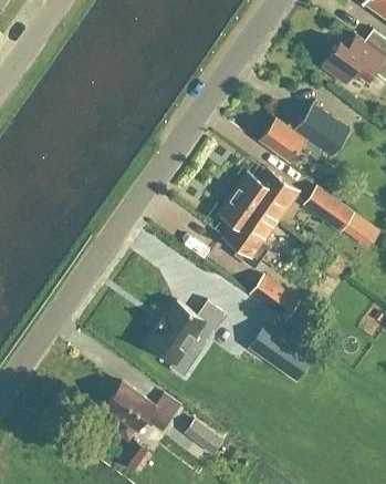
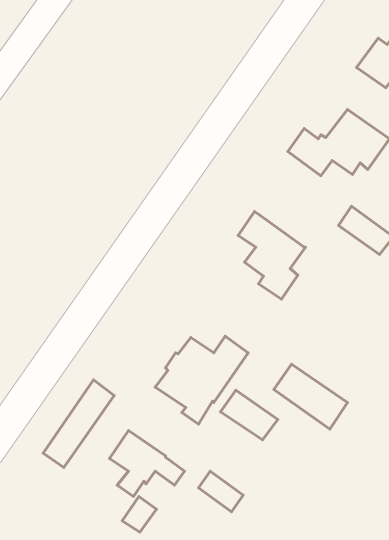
building: [231,171,298,223] -> none
building: [250,275,300,318] -> [220,390,278,440]
building: none -> [43,380,114,467]

